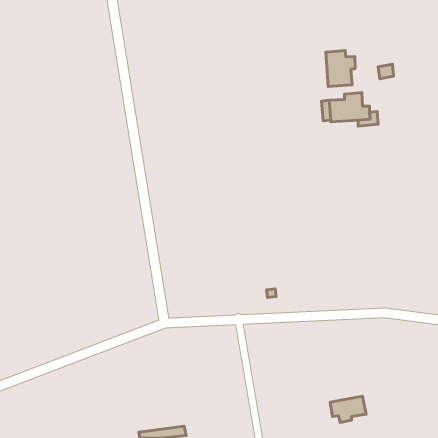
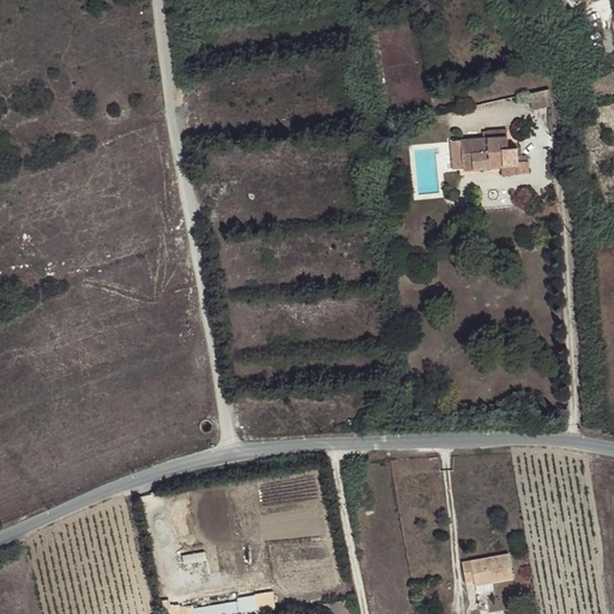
building: [326,51,355,86] -> none

